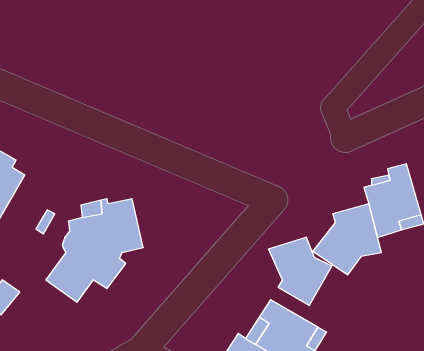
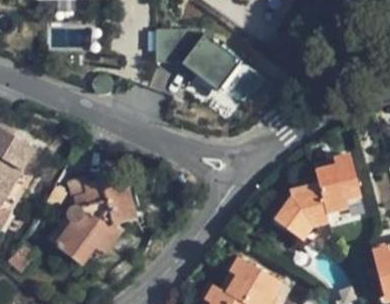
building: none -> [155,34,244,97]
building: [269,237,332,306] -> none

